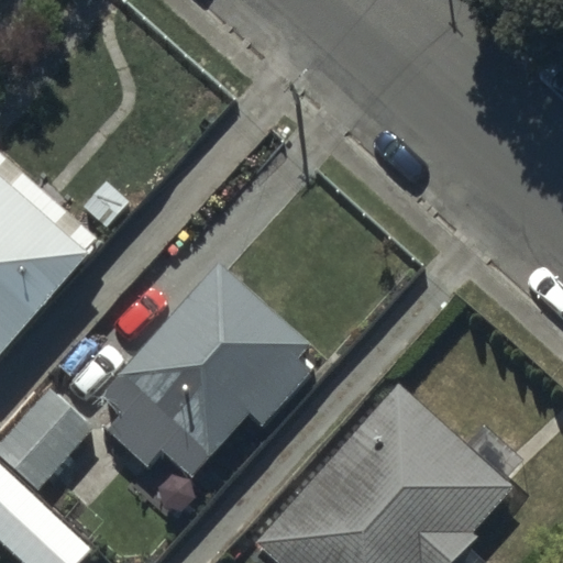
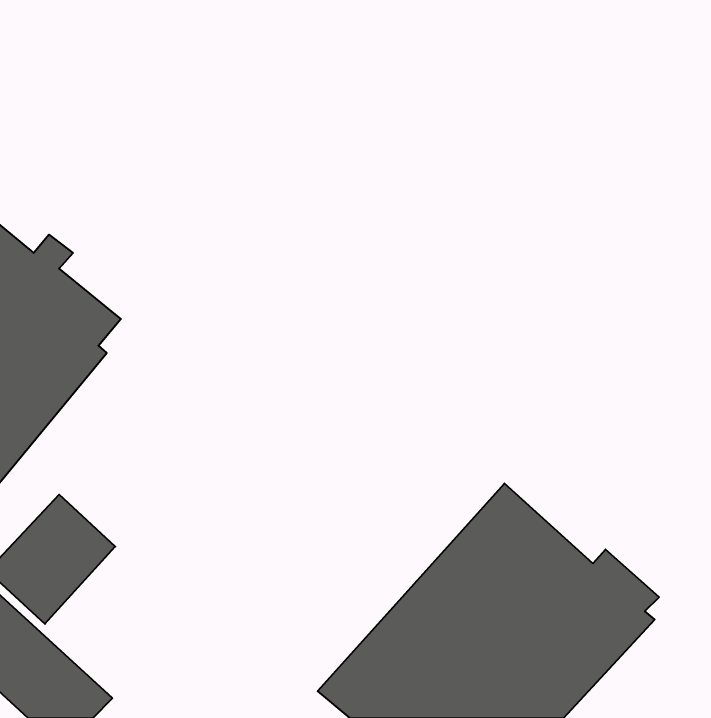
building: [97,282,307,498] -> none

